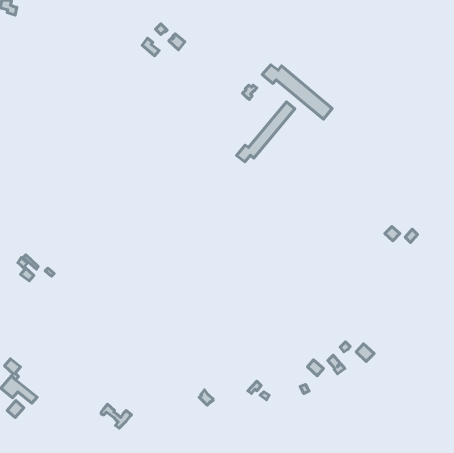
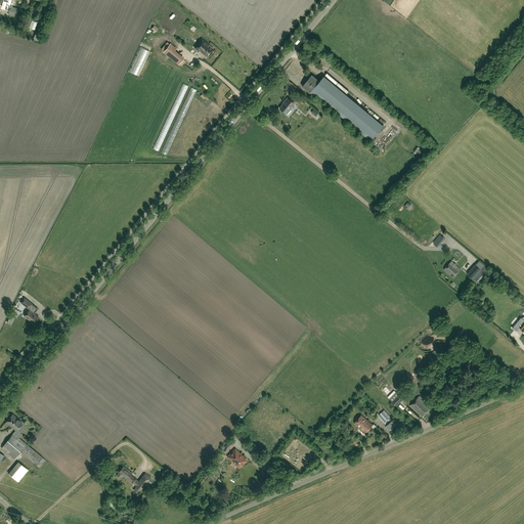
building: [237,102,295,162] -> none

